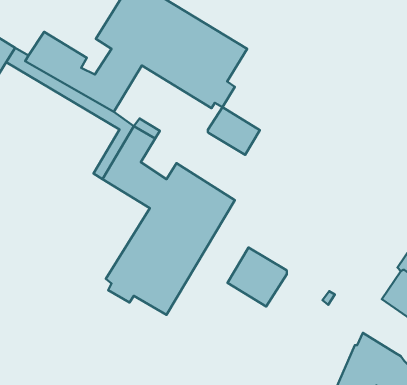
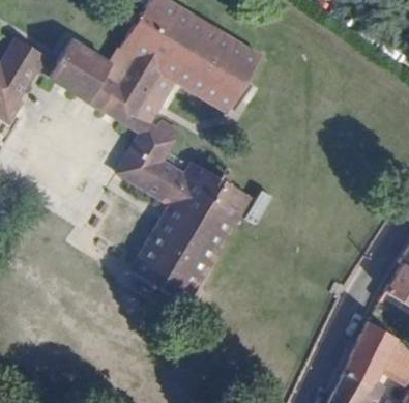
building: [208,107,260,155] -> none
building: [228,247,287,307] -> none

